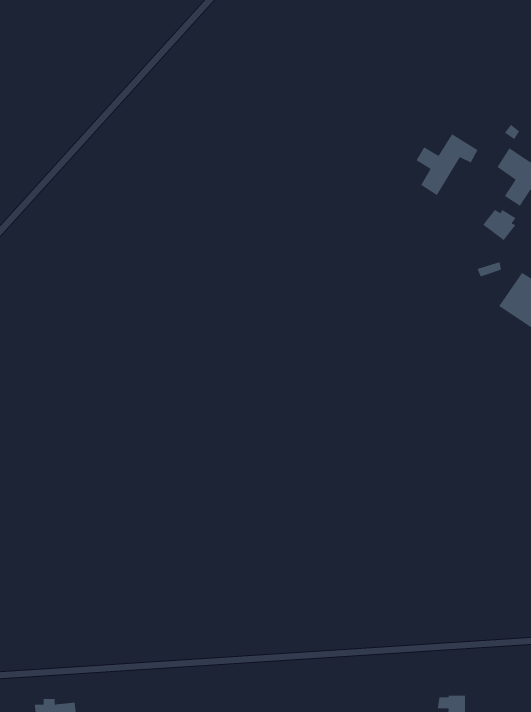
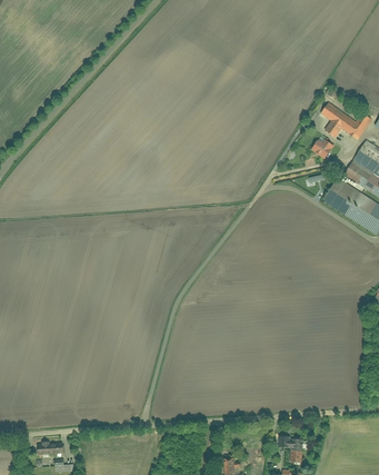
building: [415,133,478,196] -> none

